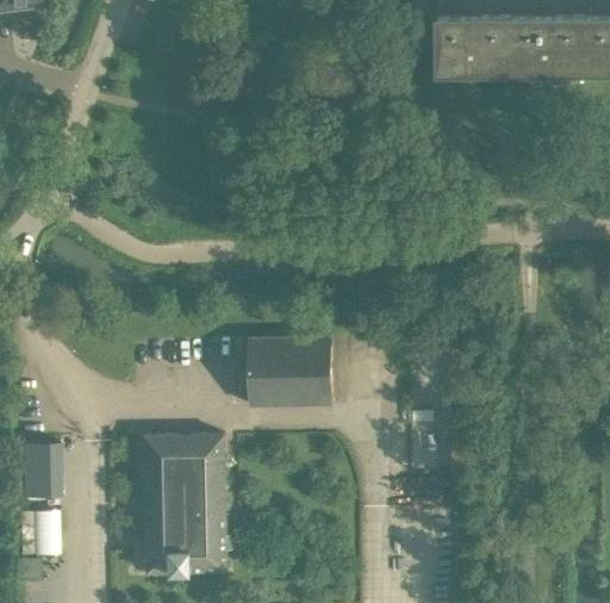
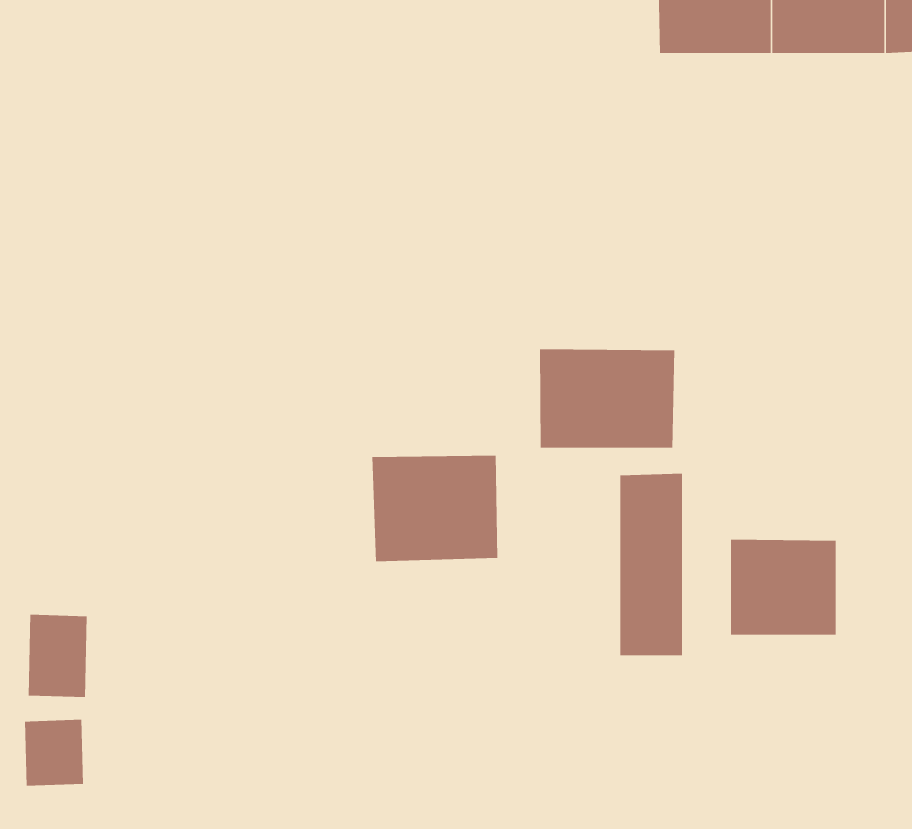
building: none -> [540,349,675,448]
building: none -> [730,539,836,636]
building: [145,435,234,576] -> none

